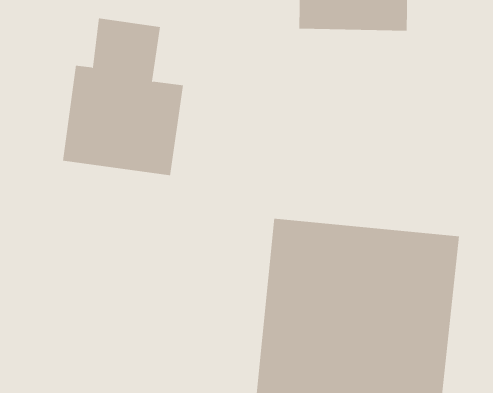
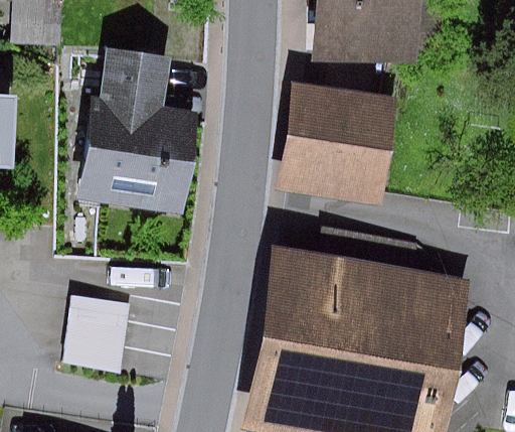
building: none -> [277,85,405,190]
building: none -> [61,292,131,371]

